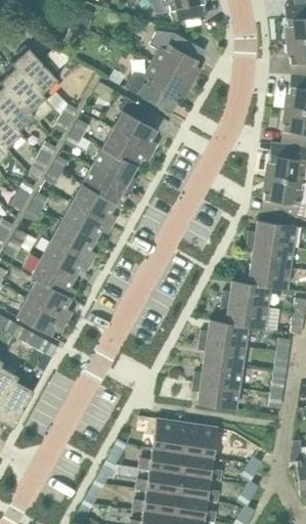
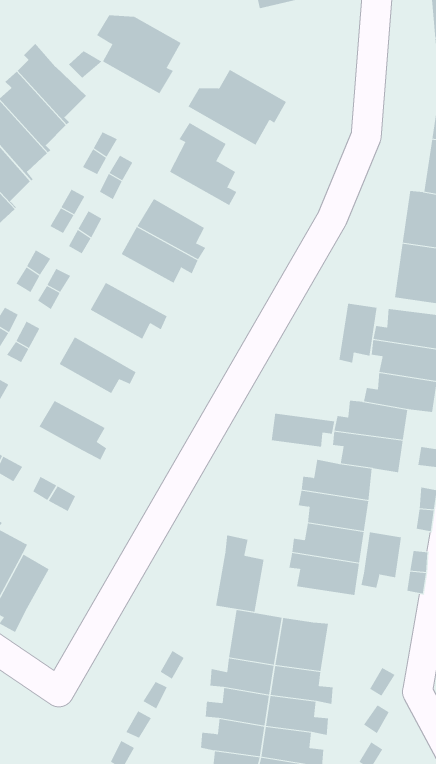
building: [148,32,205,84] -> [96,15,181,94]
building: [102,130,152,167] -> none
building: [71,184,117,225] -> none
building: none -> [339,303,377,364]
building: [50,221,96,262] -> none
building: [30,257,76,299] -> none
building: none -> [271,413,335,447]
building: [15,298,68,336] -> none
building: none -> [361,532,401,589]
building: none -> [215,535,264,613]

